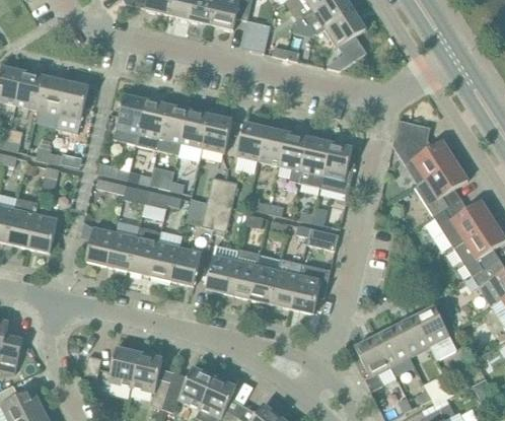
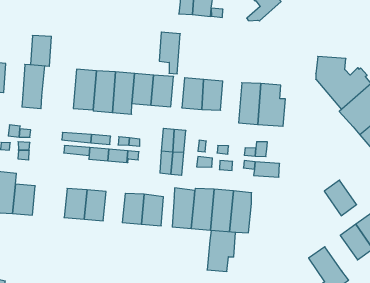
building: [38,76,66,114] -> [30,36,51,66]
building: [280,132,308,182] -> [159,32,180,74]
building: [129,225,160,275] -> none
building: [291,264,330,312] -> [207,231,236,271]
building: [375,326,410,366] -> [324,180,357,216]

